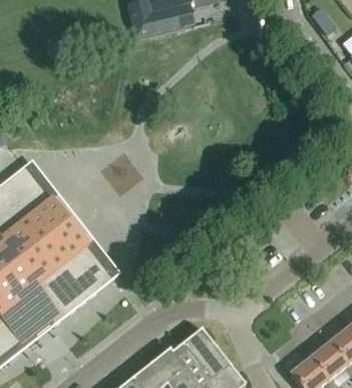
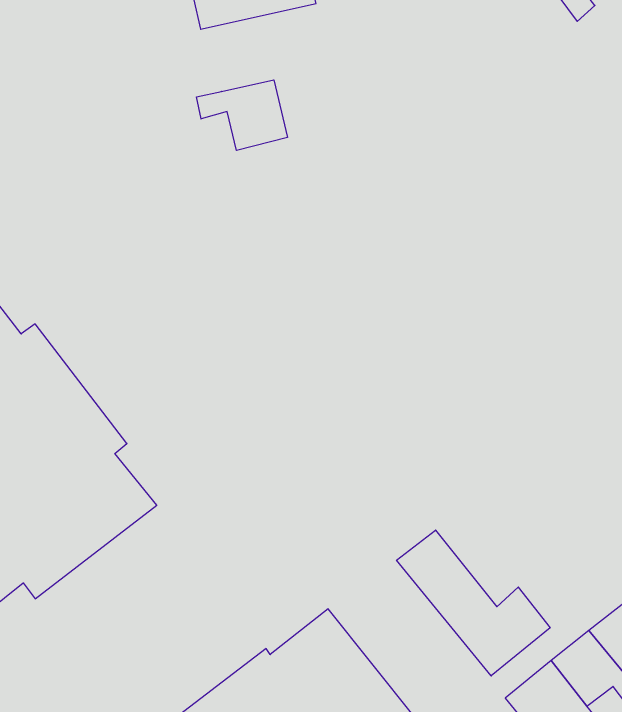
building: none -> [197,80,287,150]
building: none -> [397,530,550,676]

